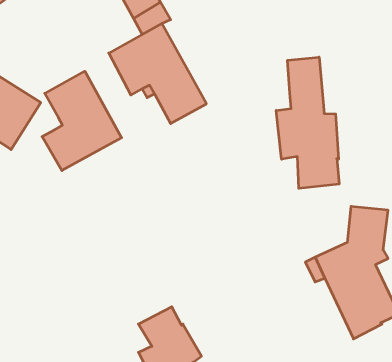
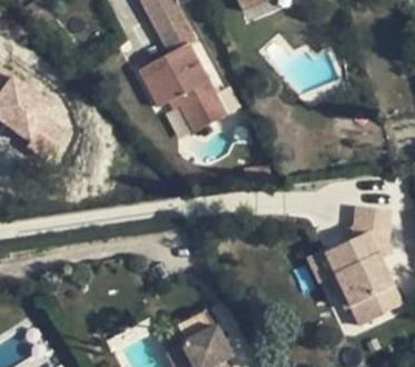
building: [276,57,339,188] -> none
building: [42,71,122,171] -> none

